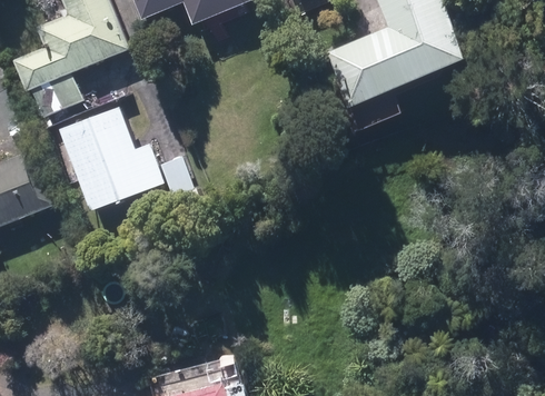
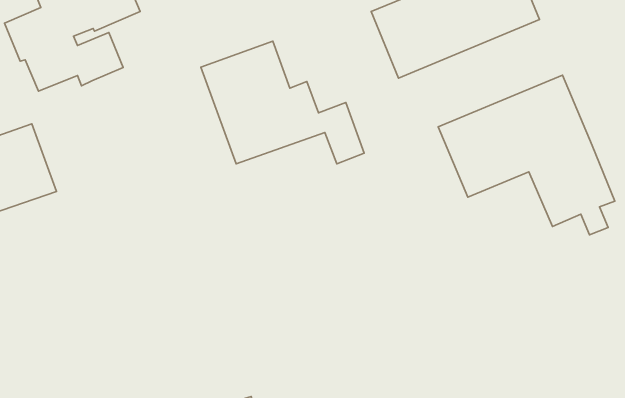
building: none -> [438,75,615,235]
building: [59,106,198,210] -> [201,41,364,164]

